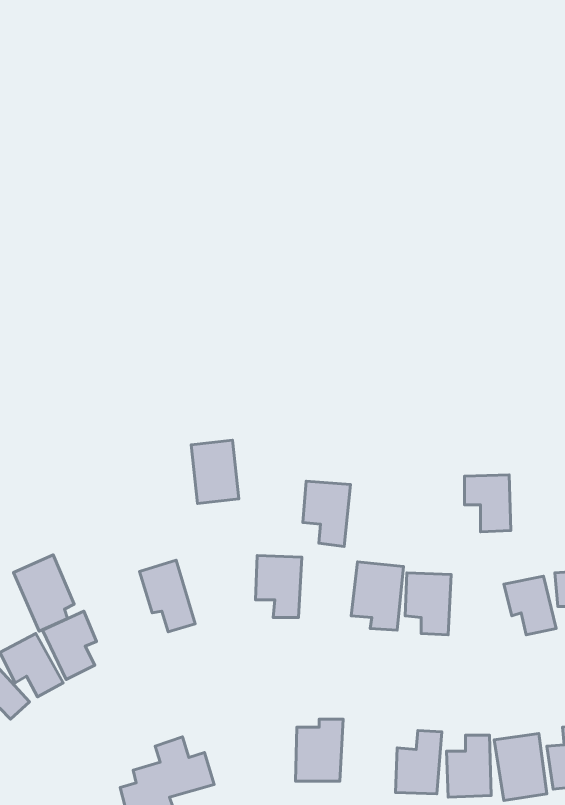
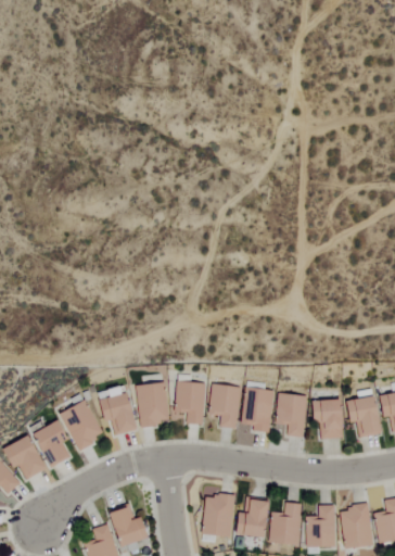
building: [191,440,239,504] -> [138,382,170,426]
building: [465,475,511,532] -> [311,400,343,439]
building: [303,481,351,546] -> [211,384,243,429]
building: [14,555,74,631] -> [62,400,103,452]
building: none -> [234,497,267,539]

